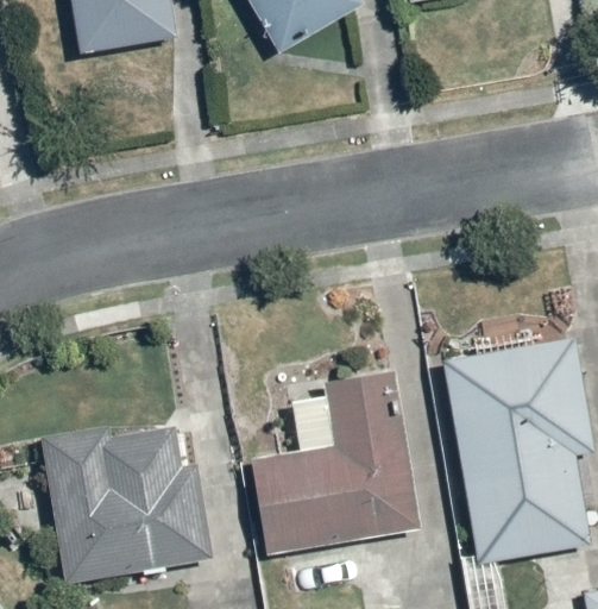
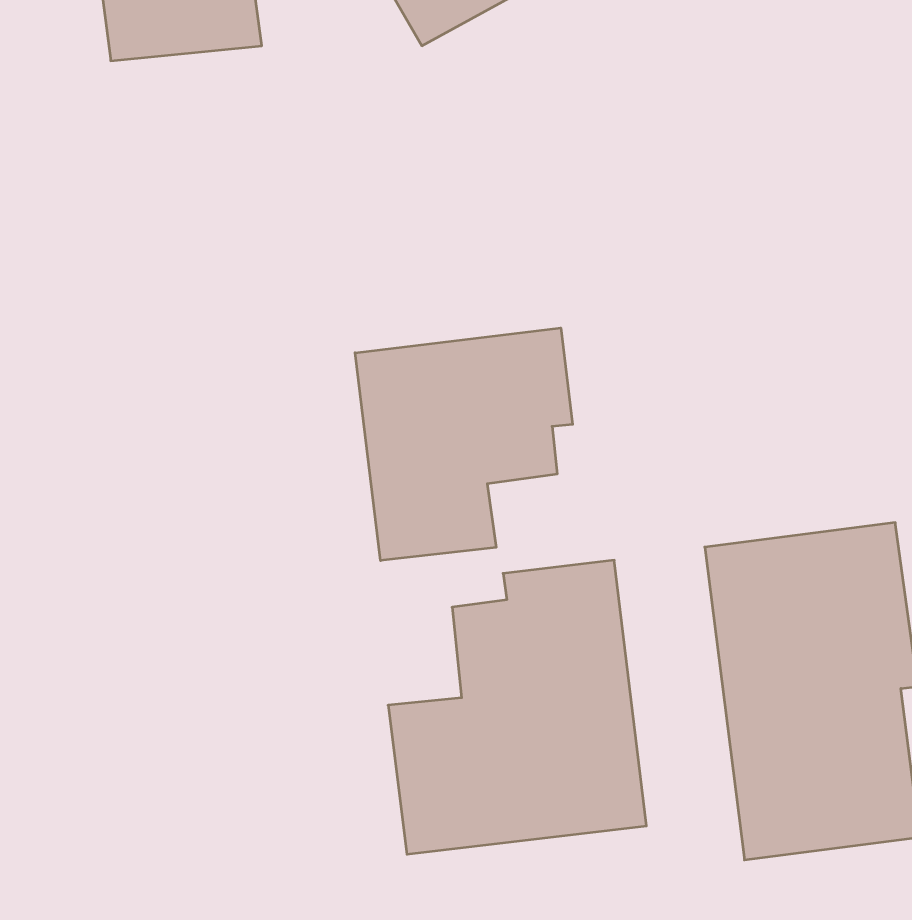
building: none -> [355,328,573,561]
building: [42,426,208,582] -> none

